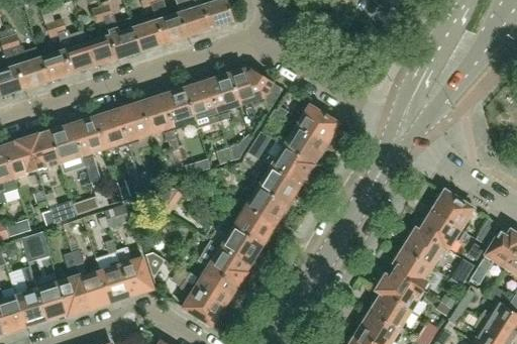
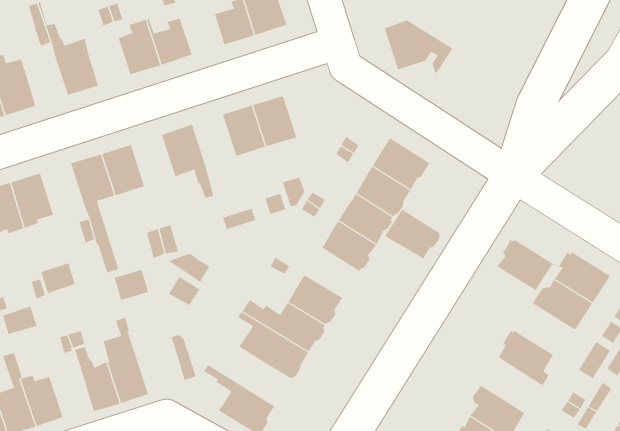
building: [154,13,187,43] -> none
building: [87,31,117,67] -> none
building: [40,46,71,82] -> none
building: [231,68,283,108] -> [384,20,453,74]
building: [164,88,196,126] -> none
building: [118,103,150,141] -> none
building: [50,124,83,162] -> none
building: [246,187,288,224] -> [384,209,440,259]
building: [403,228,448,266] -> [497,239,558,291]
building: [116,245,152,296] -> none
building: [175,265,237,305] -> none
building: [378,268,424,310] -> none
building: [58,275,90,316] -> none

